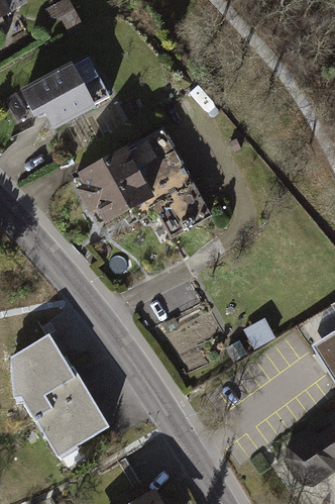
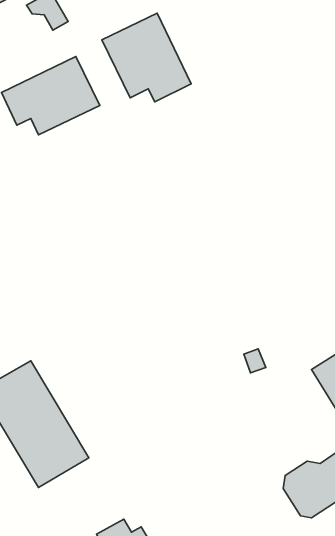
building: none -> [102,13,191,102]
building: [75,127,208,238] -> none

